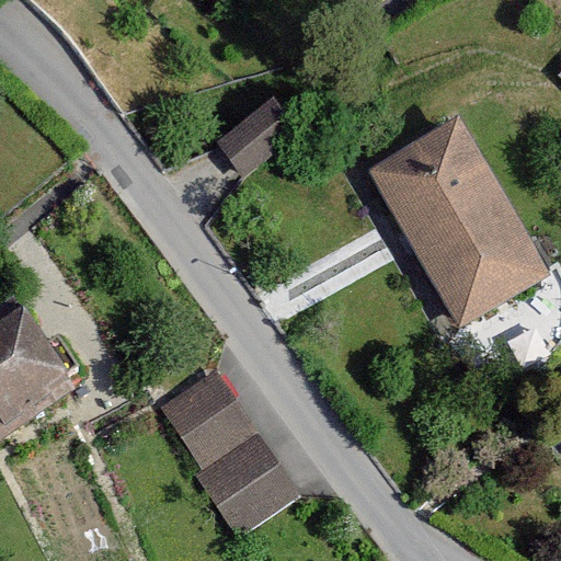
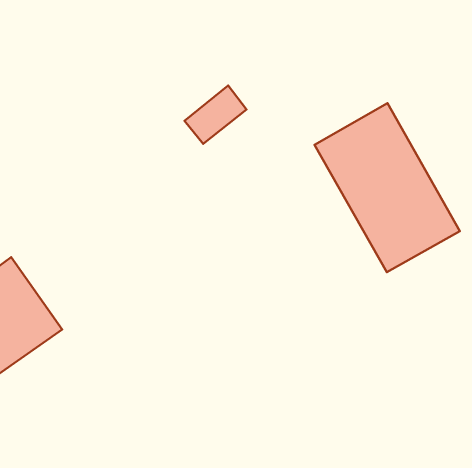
building: [164,369,250,457] -> none
building: [197,433,291,525] -> none

